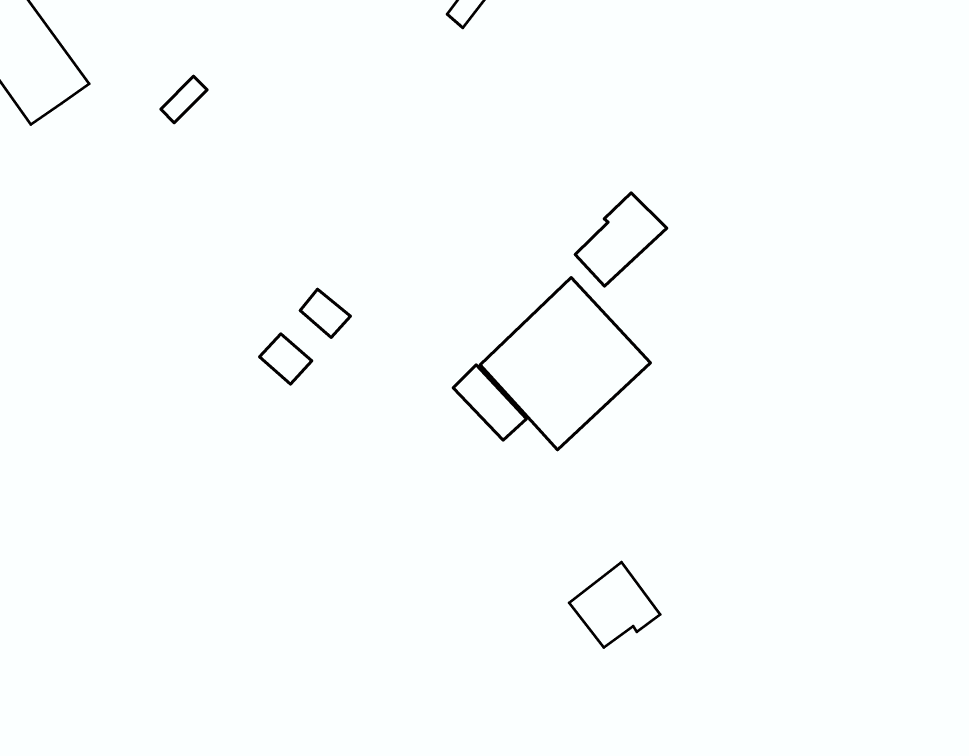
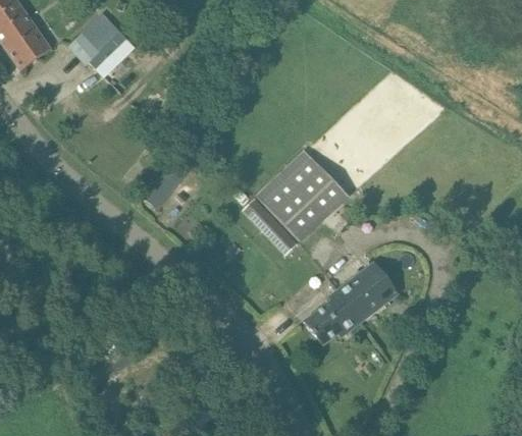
building: none -> [70,22,109,61]
building: [575,193,667,286] -> none
building: none -> [329,262,399,327]

